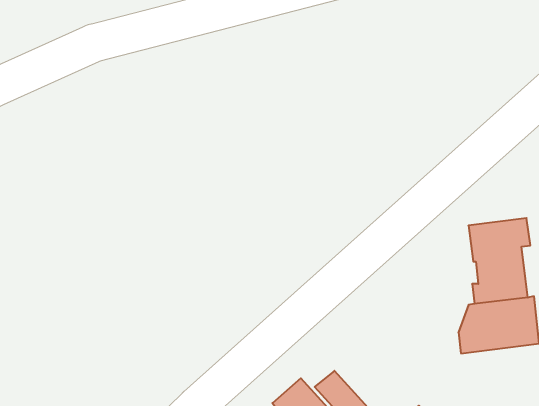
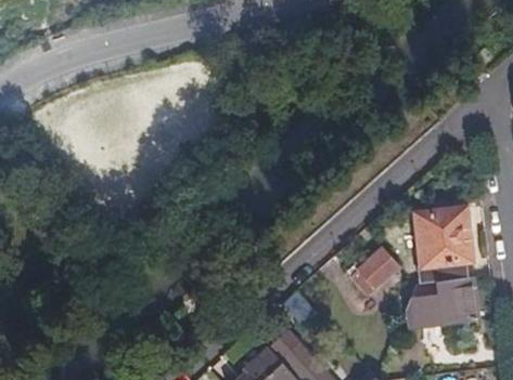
building: none -> [350,247,399,294]

